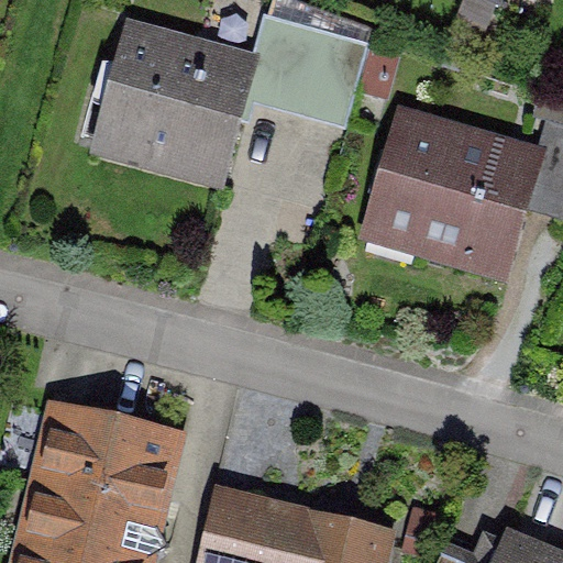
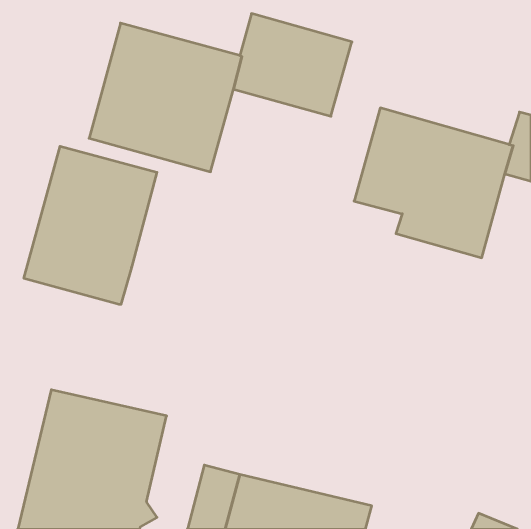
building: none -> [24,146,157,304]

